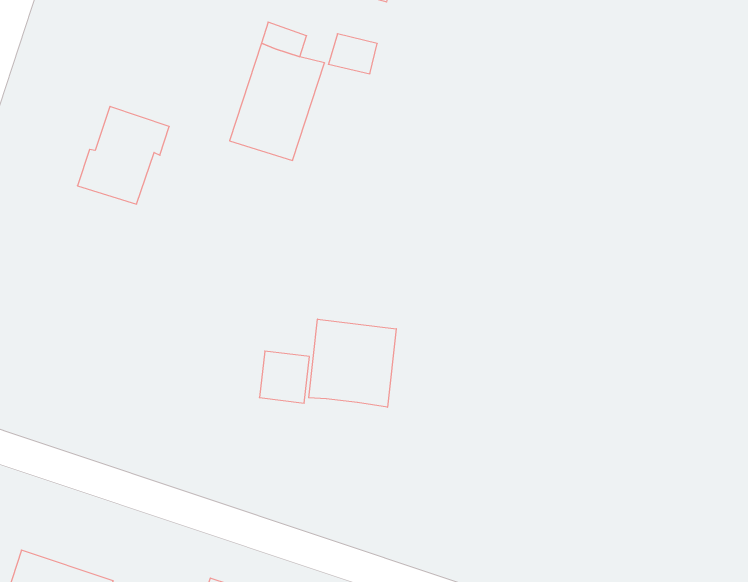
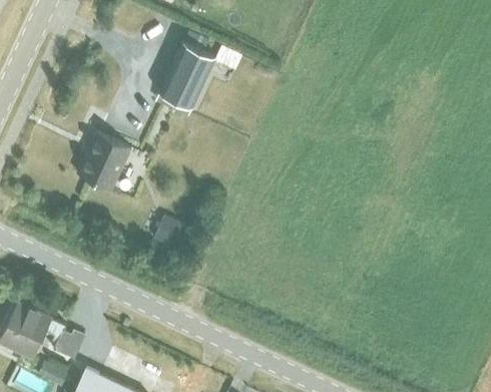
building: [77,106,169,204] -> [76,135,130,190]
building: [309,319,396,407] -> none

